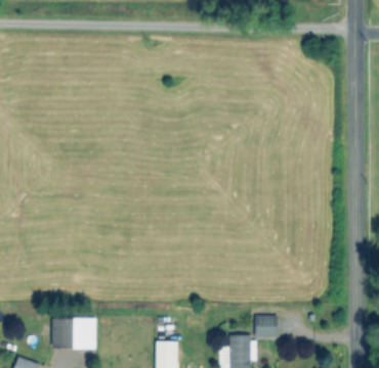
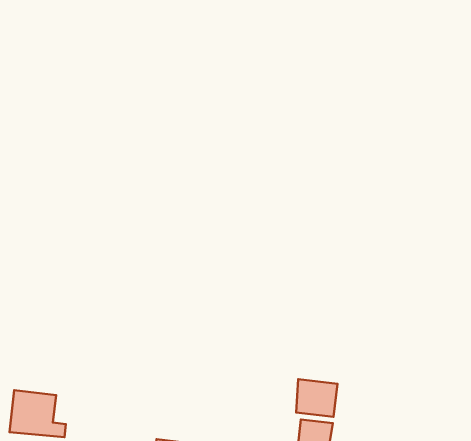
building: none -> [296,379,338,417]

